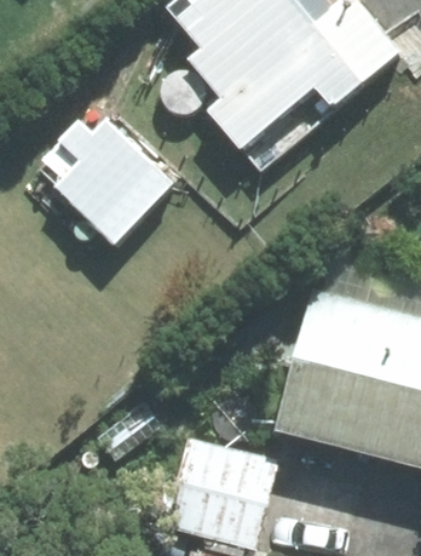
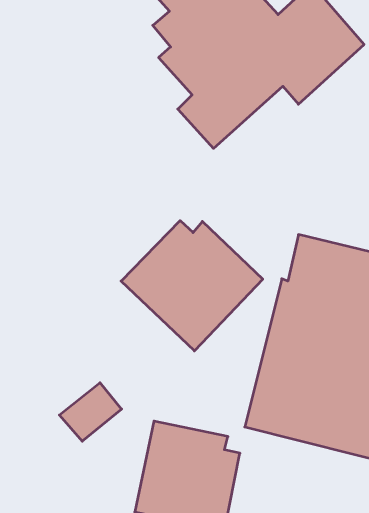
building: [51,117,166,246] -> none
building: none -> [121,221,263,351]

